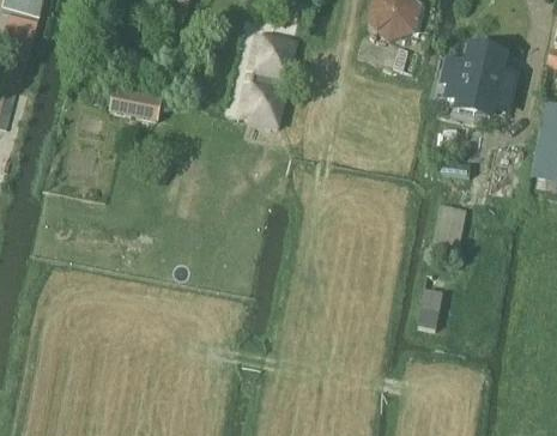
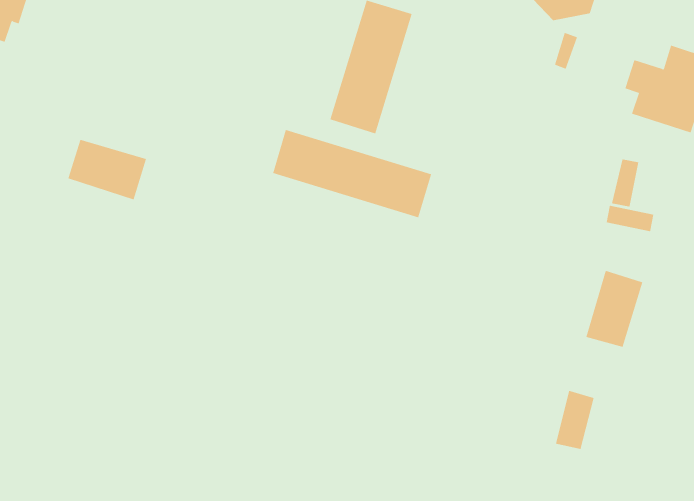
building: [110,85,163,123] -> [68,139,147,200]
building: none -> [272,129,432,218]

